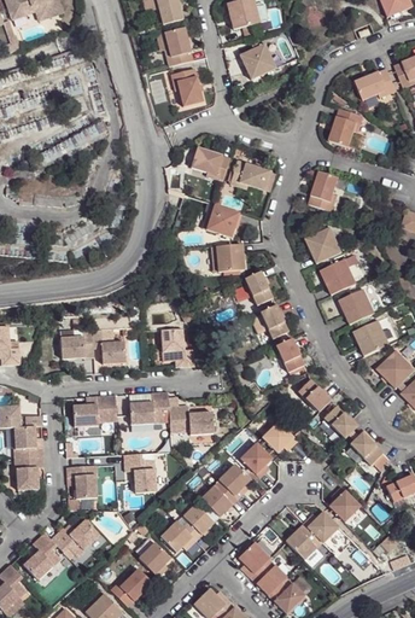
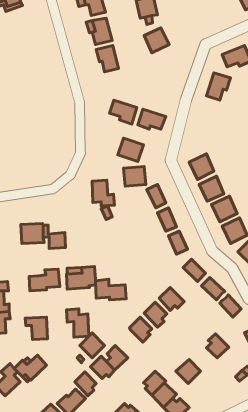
building: [309,171,340,212] -> none
building: [160,326,193,363] -> [92,180,114,206]
building: [201,482,238,518] -> [80,333,105,358]
building: [305,513,341,544] -> none

